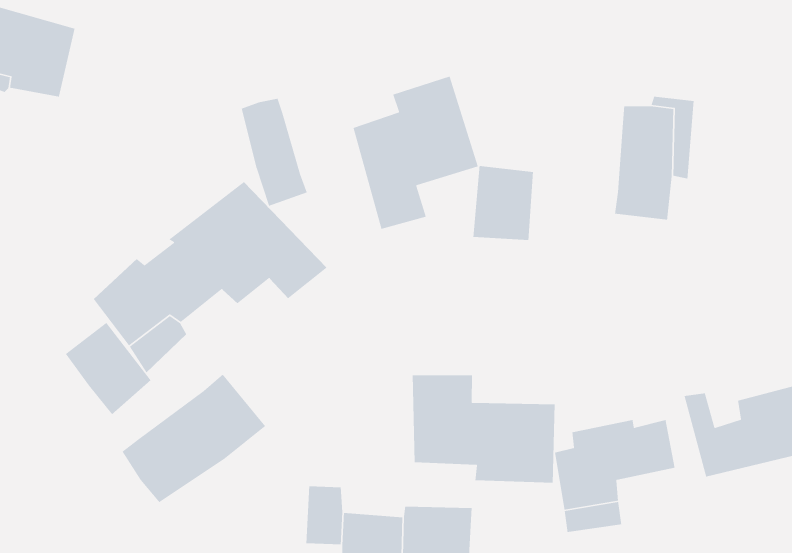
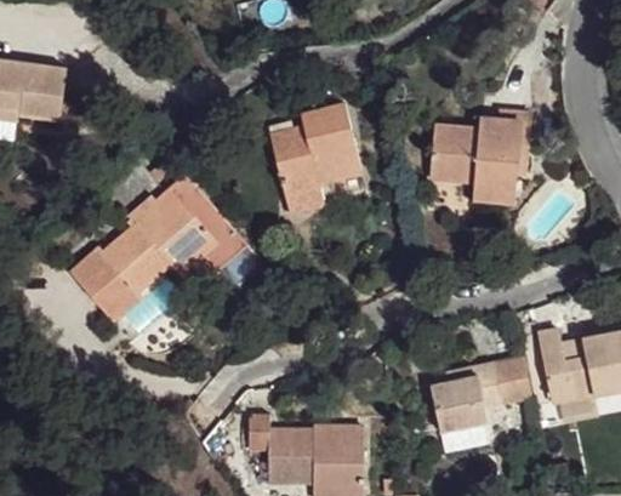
building: [241,98,308,207] -> none
building: [473,165,534,241] -> [433,127,480,186]
building: [65,322,151,415] -> none
building: [121,373,266,503] -> none
building: [412,374,555,483] -> none

